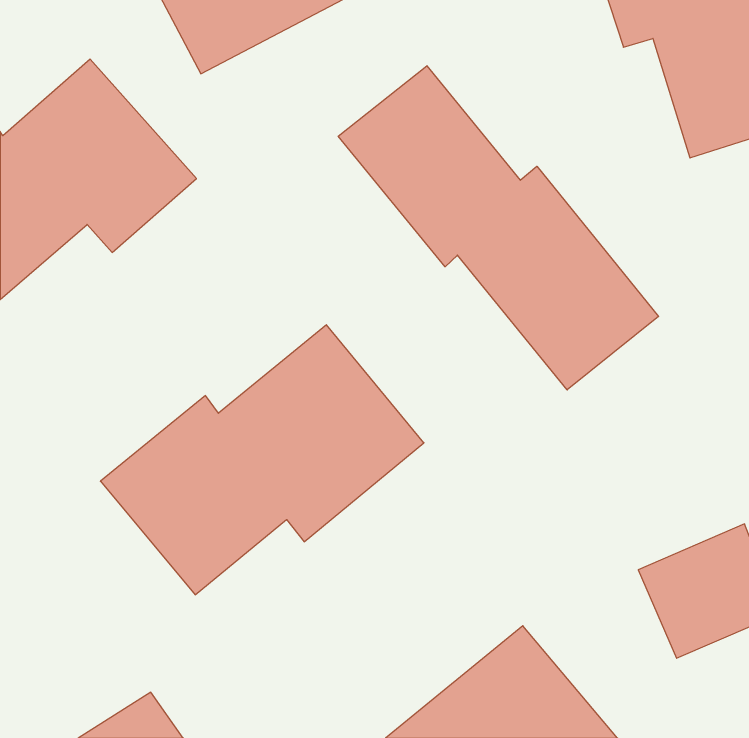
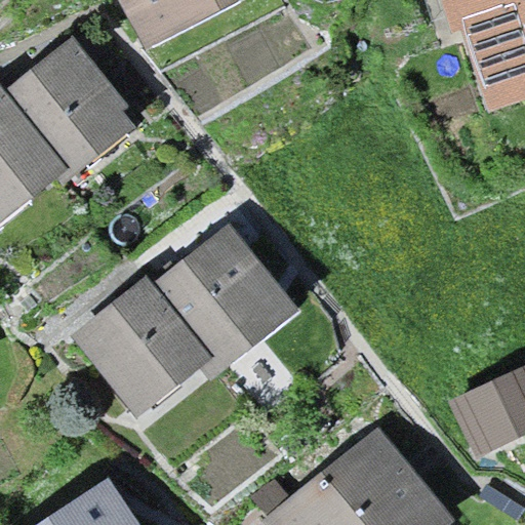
building: [338,66,659,390] -> none

